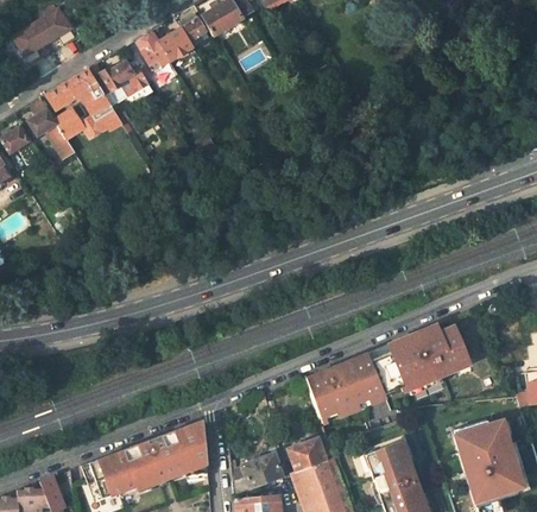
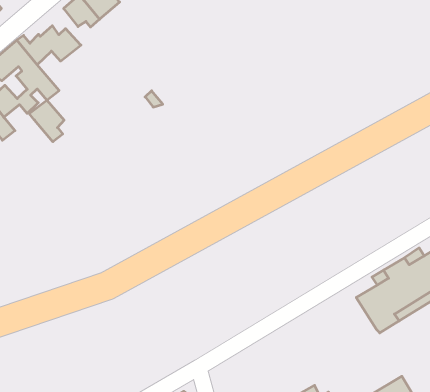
building: none -> [29,100,64,142]
building: [305,353,384,421] -> none

